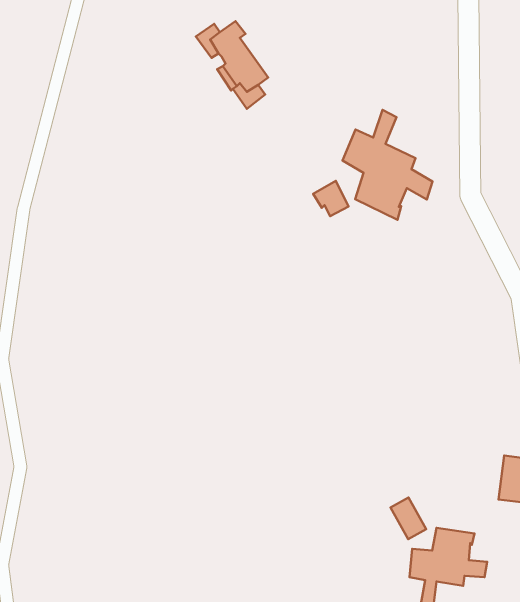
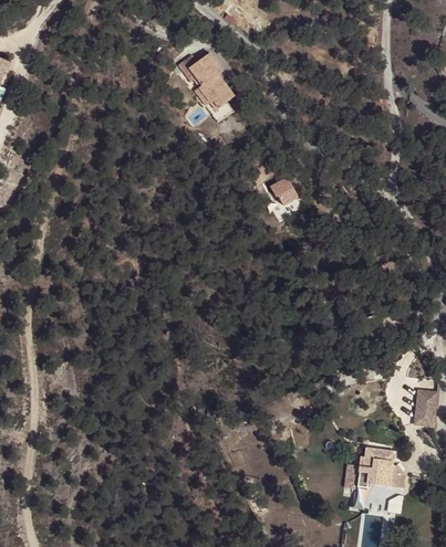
building: [342,110,433,220] -> none
building: [391,497,426,539] -> none

